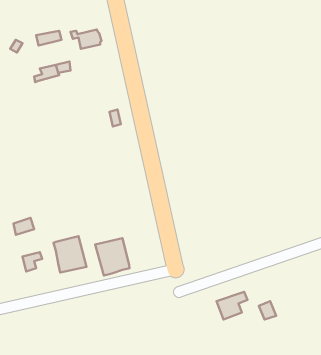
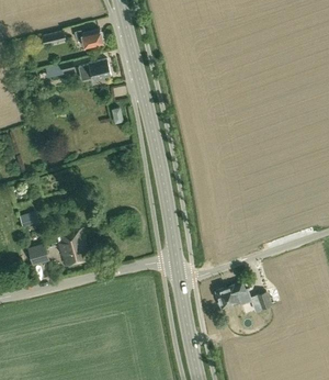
building: none -> [78,60,111,83]
building: [95,238,130,275] -> none

